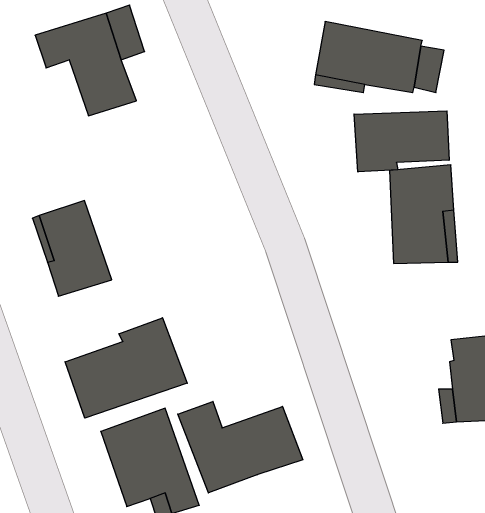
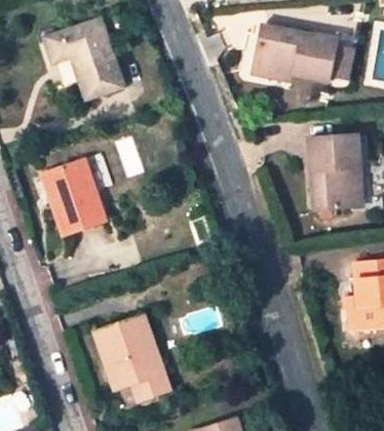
building: [354,111,449,172] -> none
building: [65,318,187,418] -> none
building: [178,401,303,493] -> none

